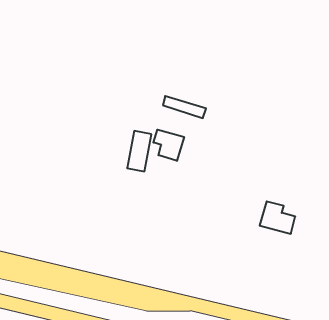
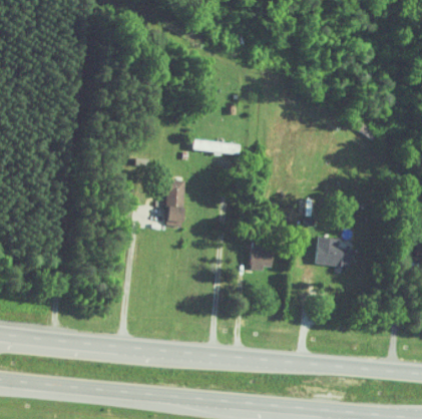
building: [153,130,184,161] -> none
building: none -> [250,245,273,268]

